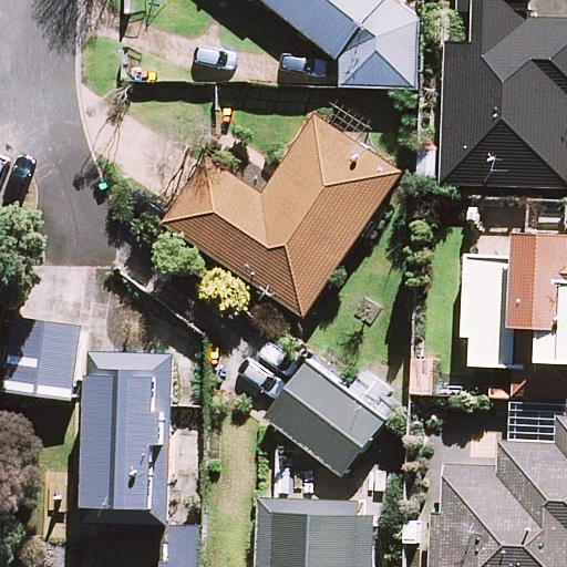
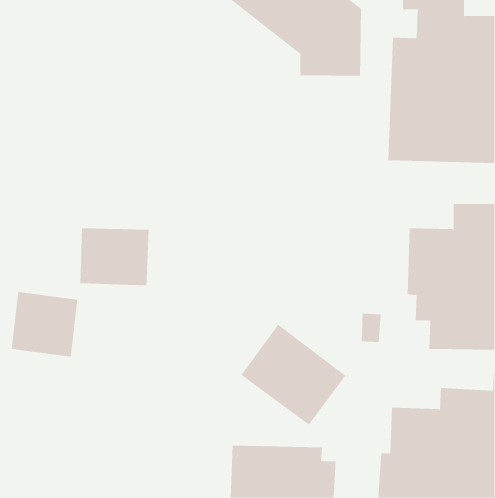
building: [165,115,398,315] -> none
building: none -> [80,228,149,286]
building: [92,359,179,534] -> none

